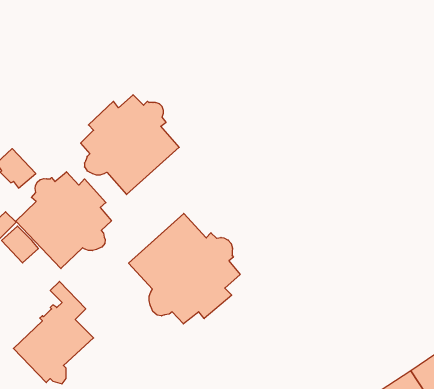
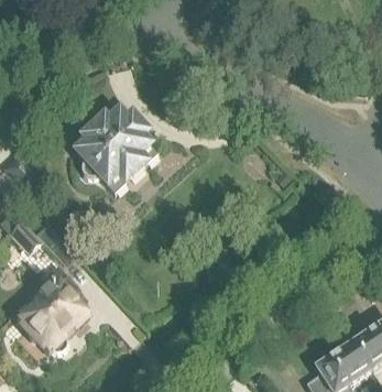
building: [16,172,111,269] -> none
building: [129,213,240,324] -> none

